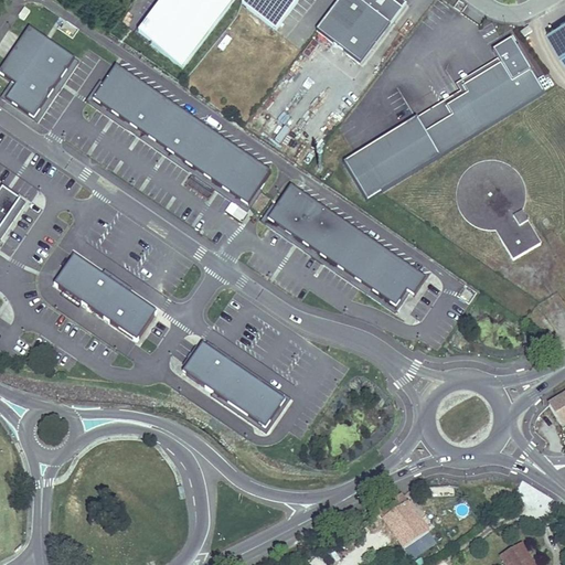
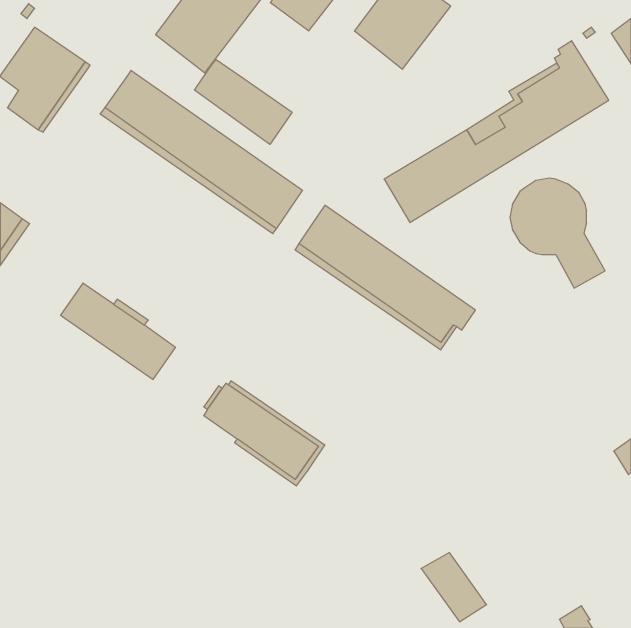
building: none -> [195,59,292,144]

